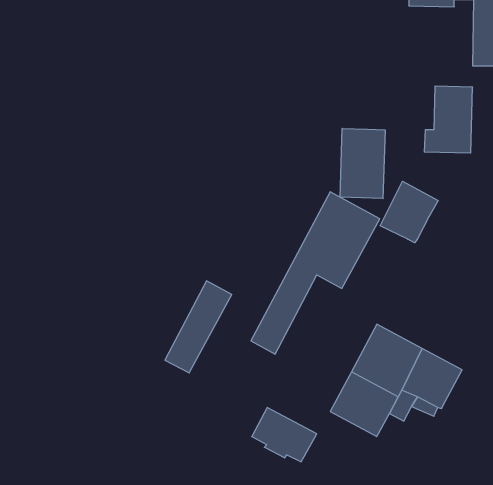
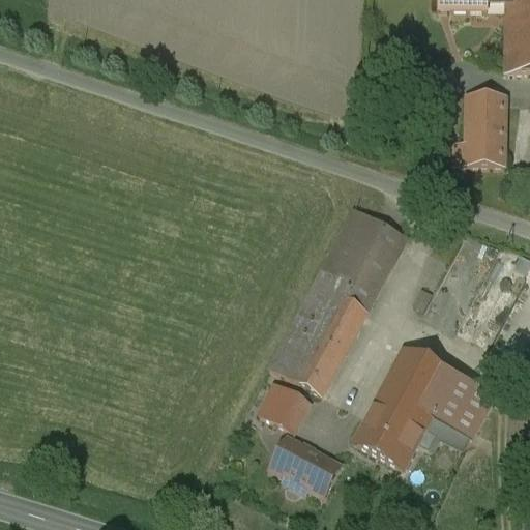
building: [340,128,385,199] -> none
building: [380,181,438,243] -> none
building: [165,281,232,373] -> [296,294,367,392]
building: none -> [261,382,310,430]

